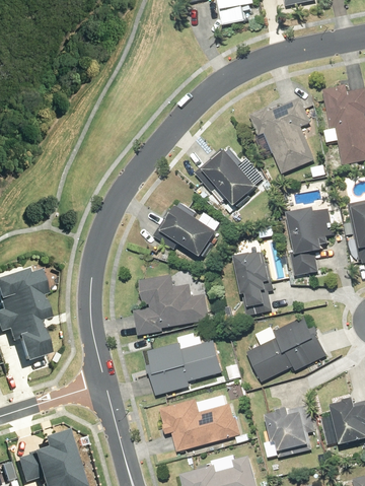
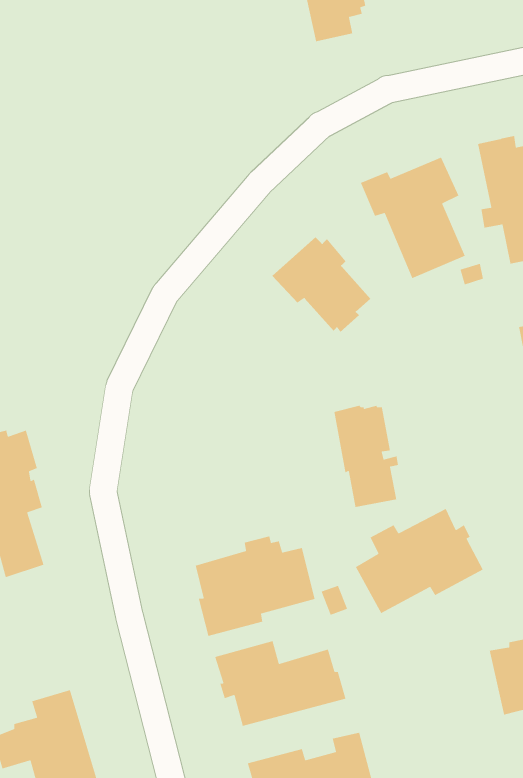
building: [152,203,215,257] -> none
building: [285,207,333,276] -> none
building: [132,275,209,335] -> none
building: [263,405,314,458] -> none

